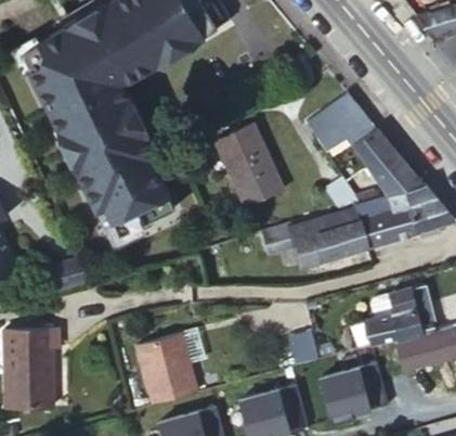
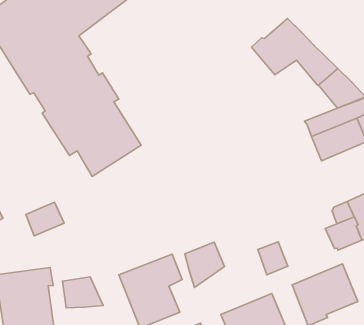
building: [216,124,284,207] -> none
building: [262,208,365,266] -> none
building: none -> [185,242,224,288]
building: none -> [63,277,103,308]

